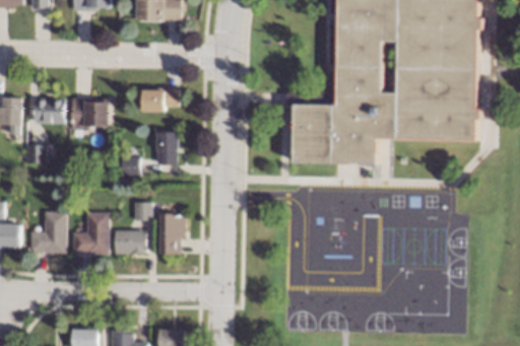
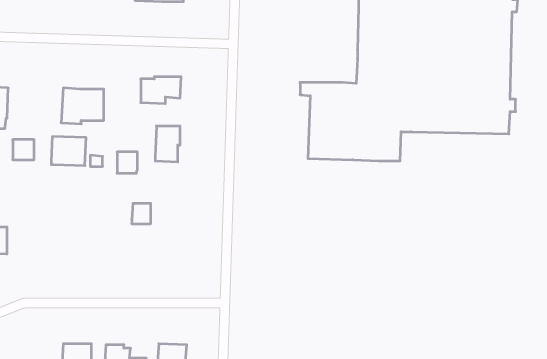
building: [34,98,65,125] -> [51,137,86,166]
building: [31,212,67,254] -> none
building: [73,213,109,254] -> none
building: [157,213,185,255] -> none
building: [115,231,146,255] -> none

